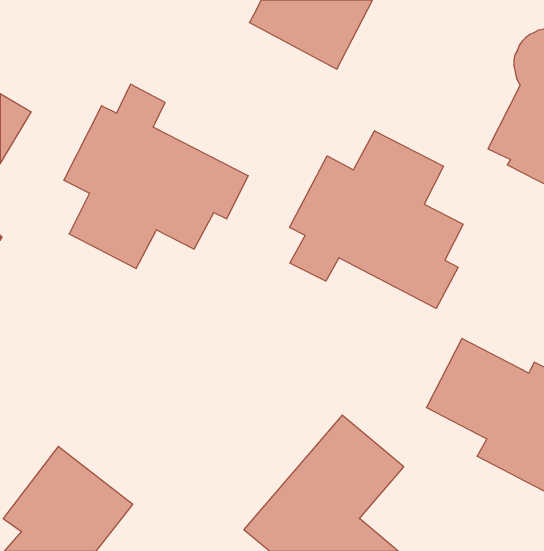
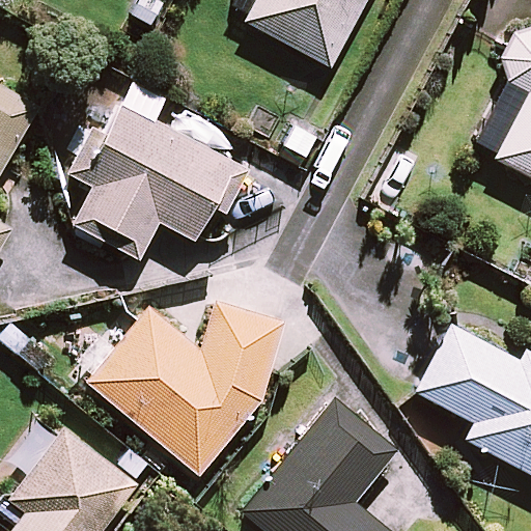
building: [290,131,463,308] -> none
building: none -> [88,305,285,473]

